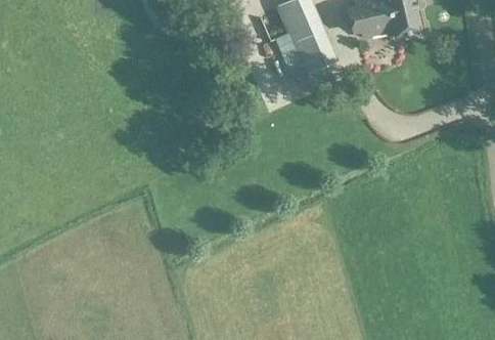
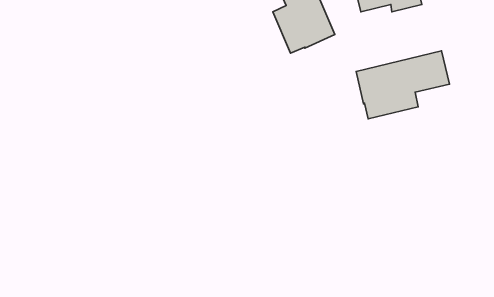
building: none -> [356,51,449,119]

